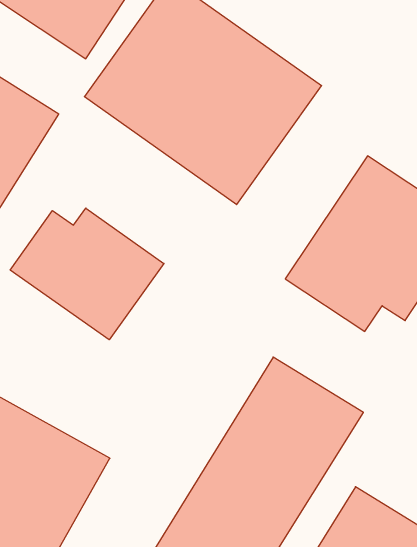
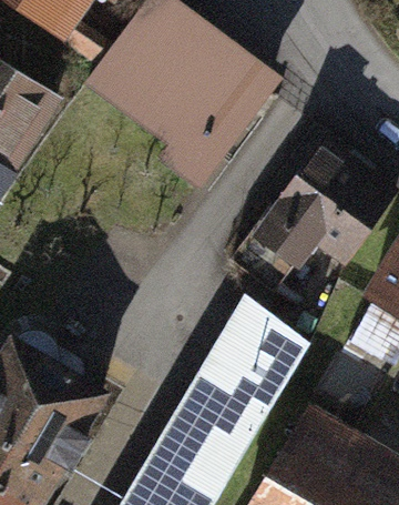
building: [10,208,164,340] -> none

